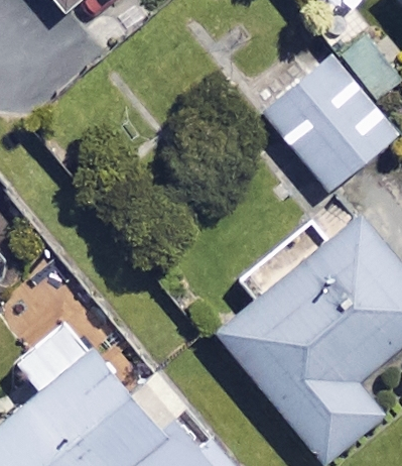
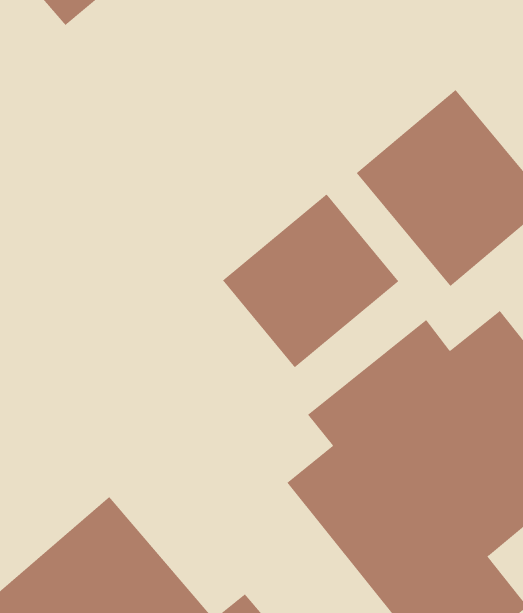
building: none -> [222,193,399,368]

